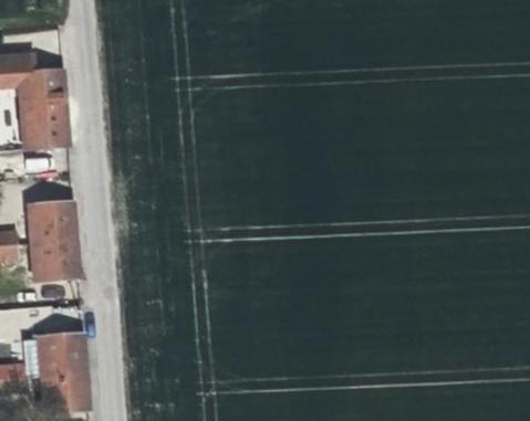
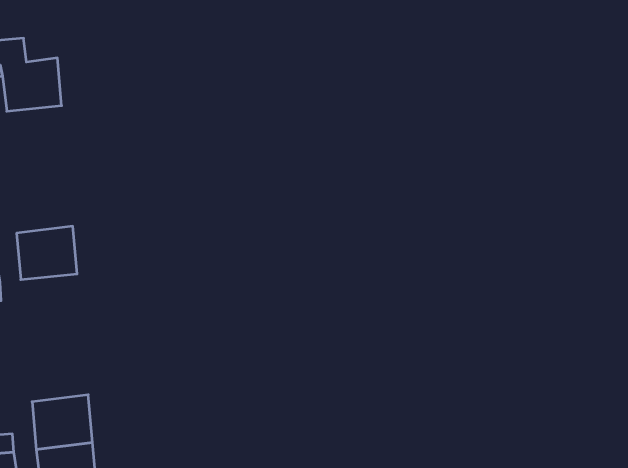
building: [20,105,66,147] -> none
building: [31,238,79,280] -> none

